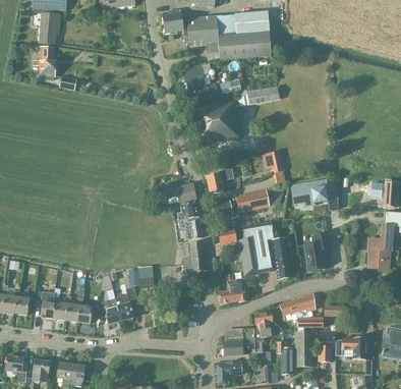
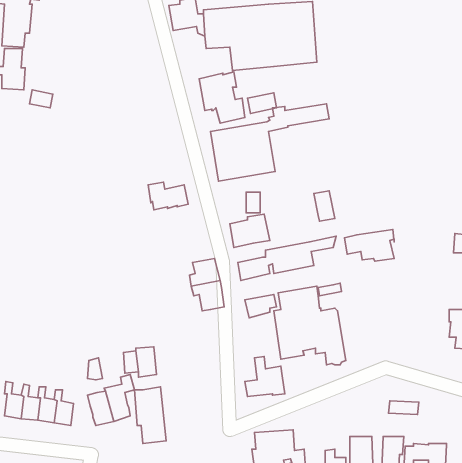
building: [166,182,195,203] -> [148,182,188,210]
building: [304,232,330,272] -> none
building: [183,241,207,283] -> [134,387,166,444]
building: [281,293,324,326] -> none
building: [253,312,273,341] -> none

